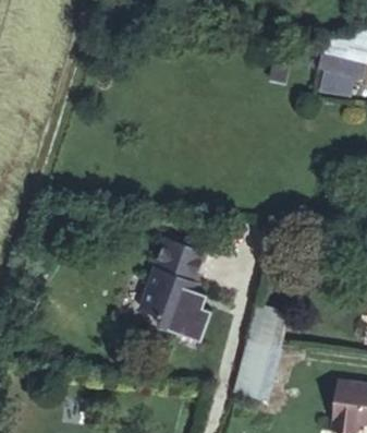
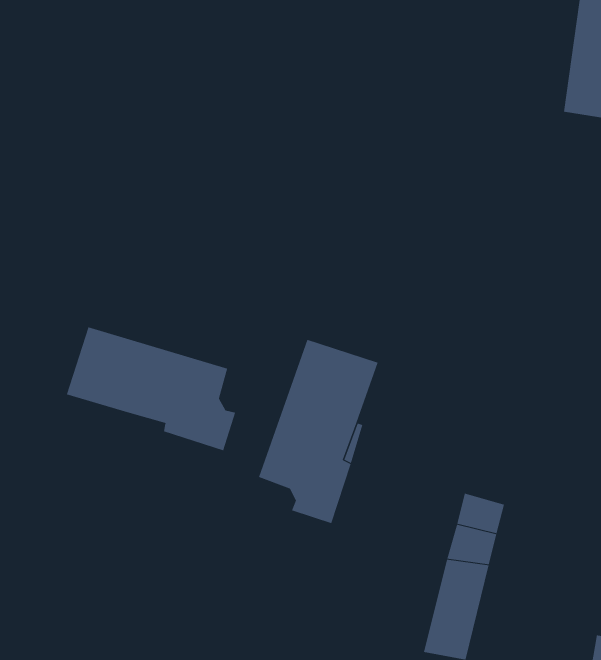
building: none -> [66,326,236,451]

